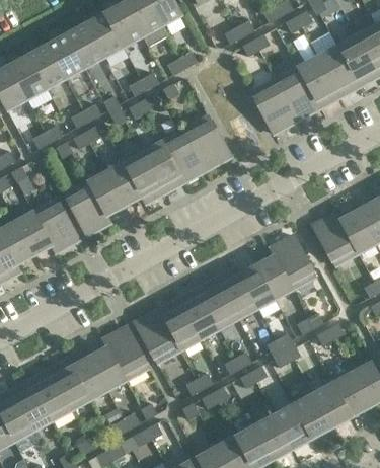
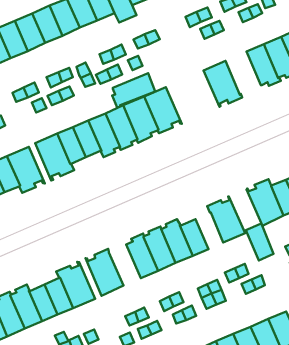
building: [275,66,321,116] -> none
building: none -> [112,73,155,108]
building: [256,255,291,298] -> [246,224,274,260]
building: [160,298,200,348] -> none

